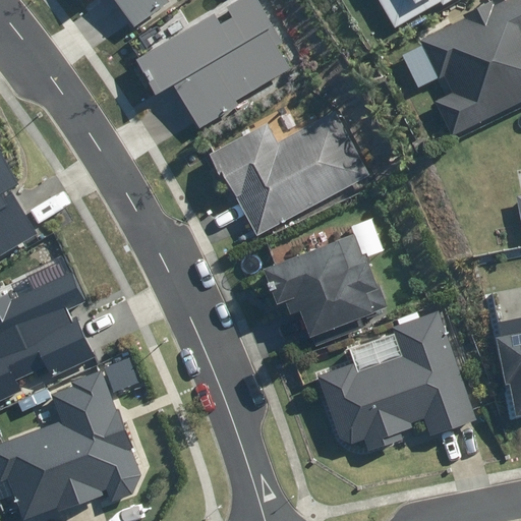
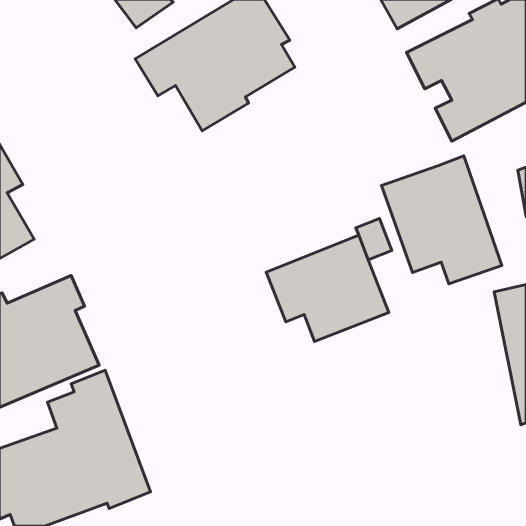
building: [211,103,371,235] -> none
building: none -> [381,156,502,284]
building: [313,306,477,454] -> none

